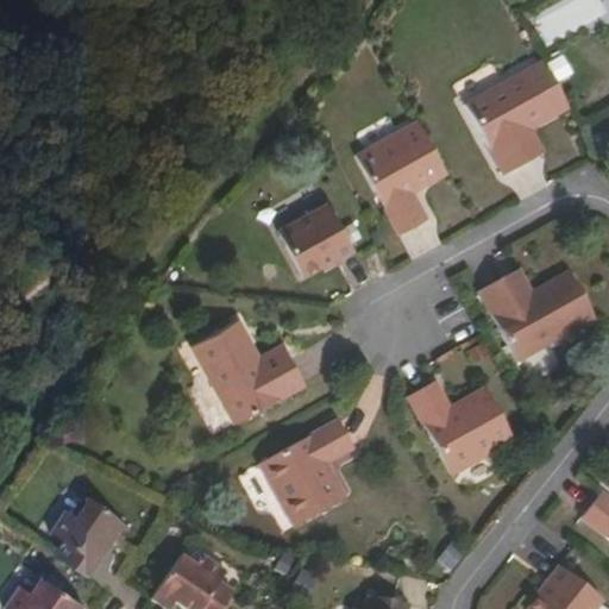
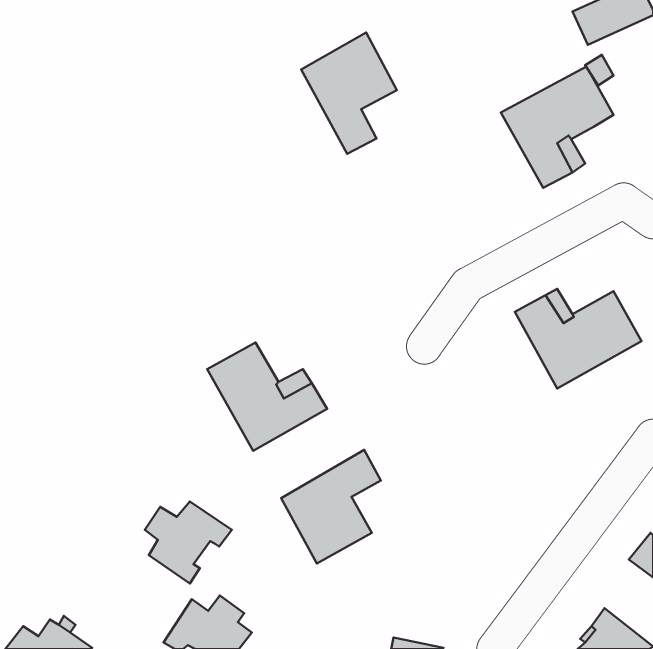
building: [358,119,447,232] -> [301,33,397,154]
building: [278,202,354,274] -> none
building: [409,381,515,475] -> none
building: [51,502,132,578] -> [145,502,232,583]

